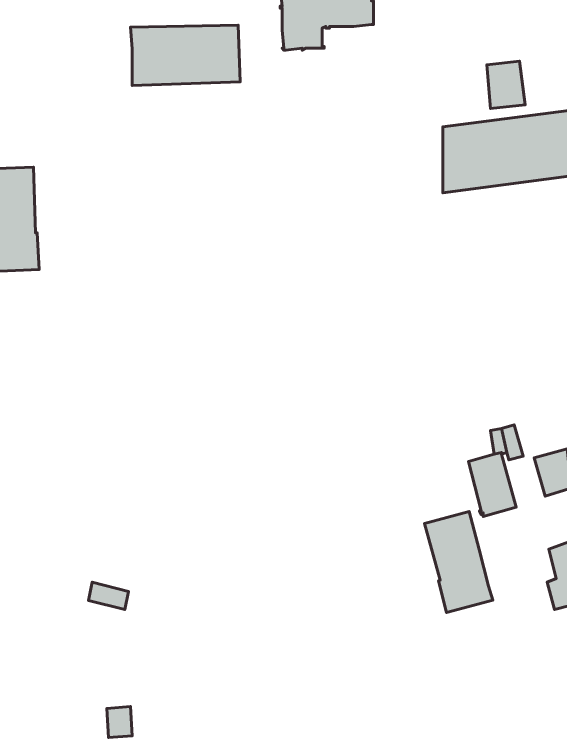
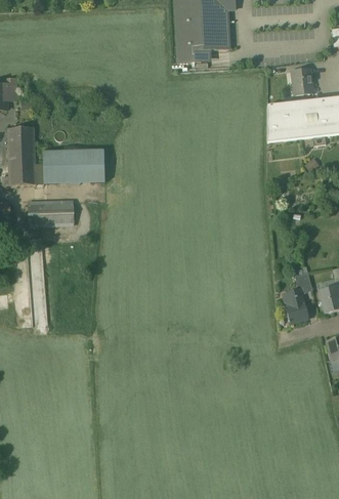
building: [130,25,240,86] -> [46,150,108,183]
building: none -> [32,201,77,225]
building: [424,512,493,613] -> none

